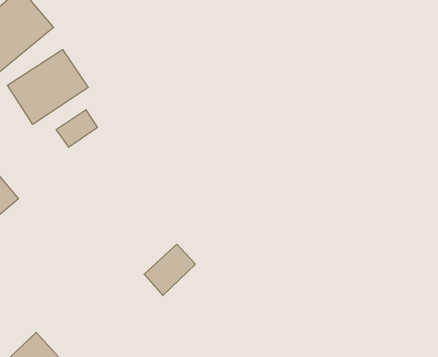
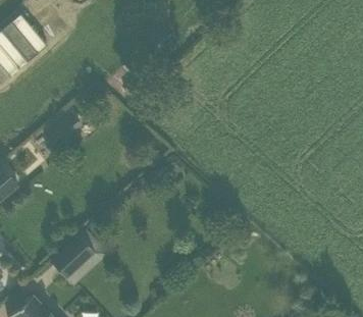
building: [7,50,88,124] -> none
building: [144,244,195,296] -> [52,237,94,279]

